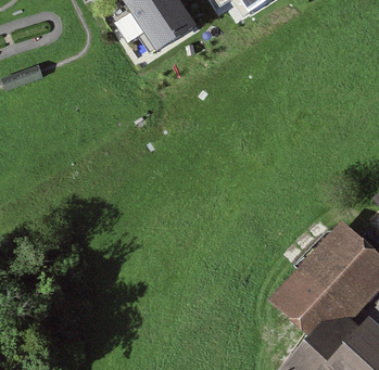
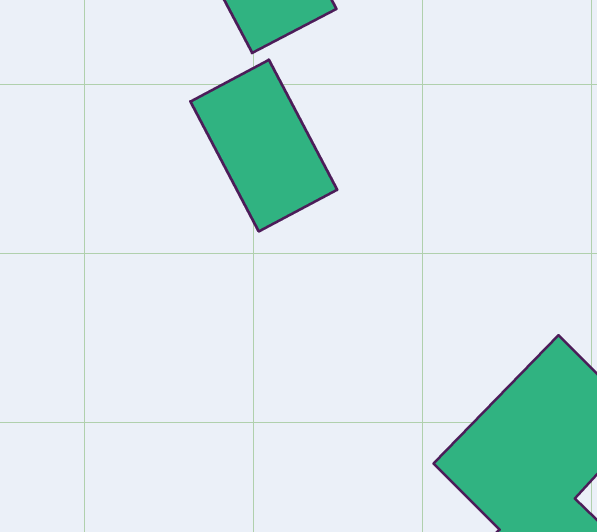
building: none -> [190,60,337,231]

